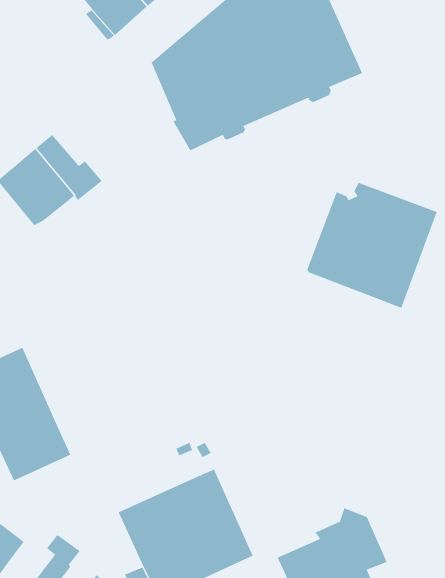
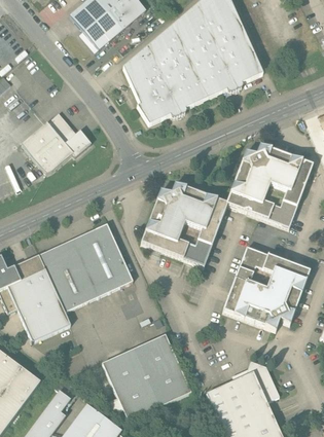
building: none -> [141,184,227,266]
building: none -> [39,223,133,312]
building: none -> [223,248,310,330]

